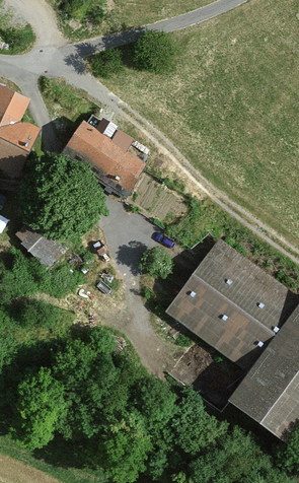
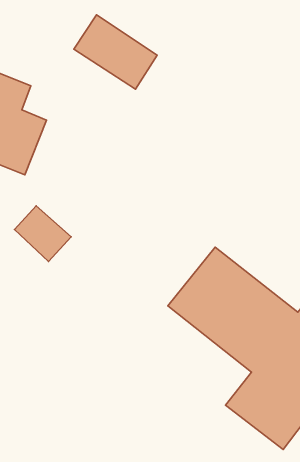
building: [62,120,144,193] -> [74,15,157,89]

